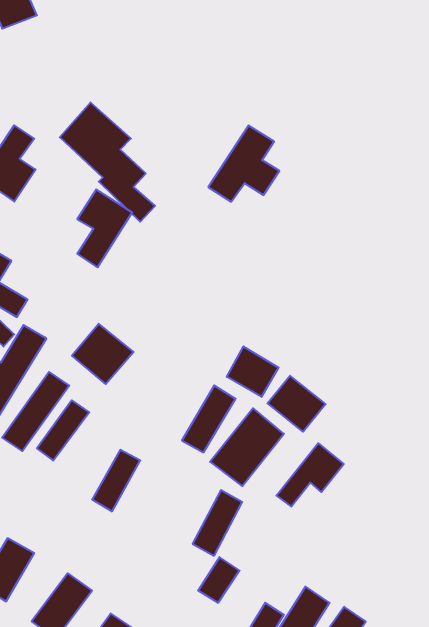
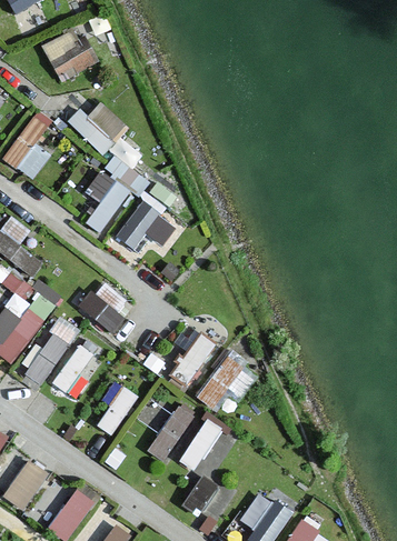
building: none -> [41,28,95,82]
building: [208,125,279,202] -> [116,187,175,250]
building: [227,346,279,397] -> none
building: [267,376,326,432] -> none
building: [276,443,344,507] -> none
building: none -> [151,404,191,463]

